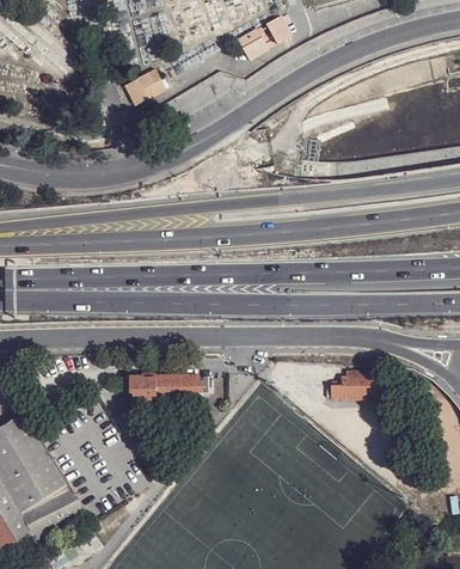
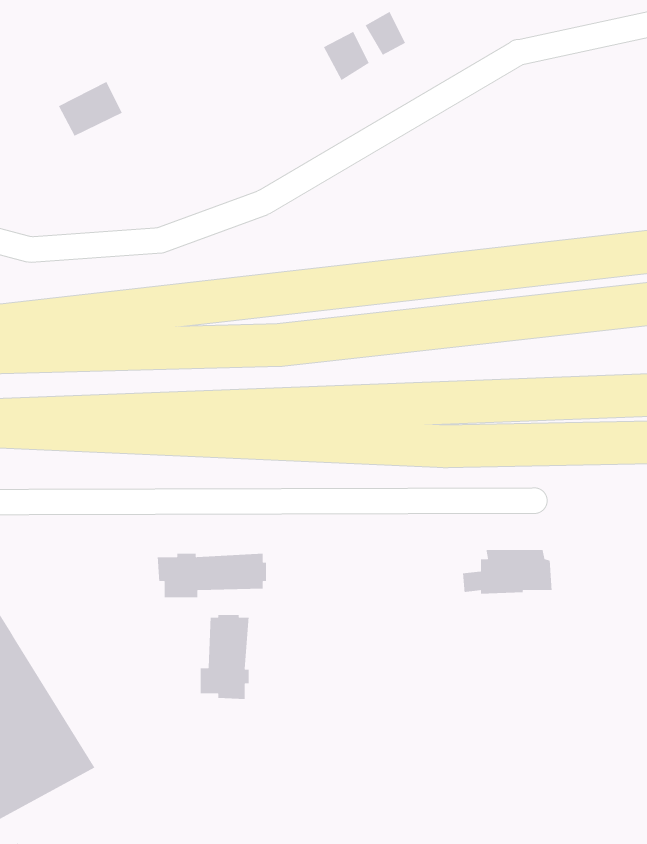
building: [123,68,166,105] -> [58,81,123,137]
building: none -> [200,614,250,700]

